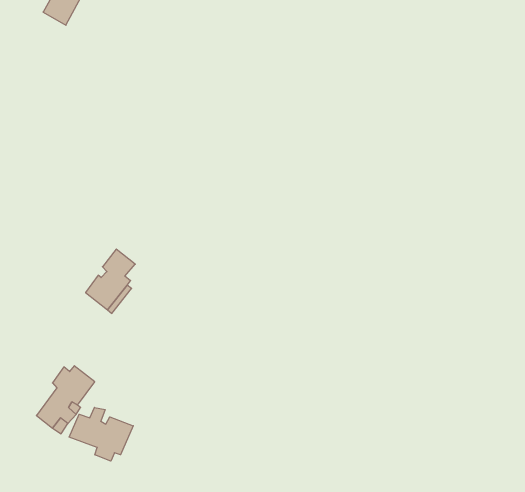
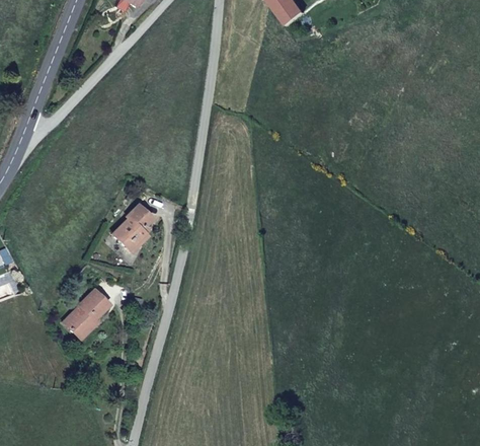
building: [69,407,133,461] -> none

